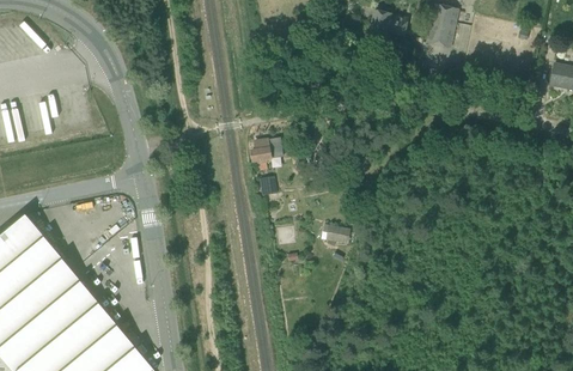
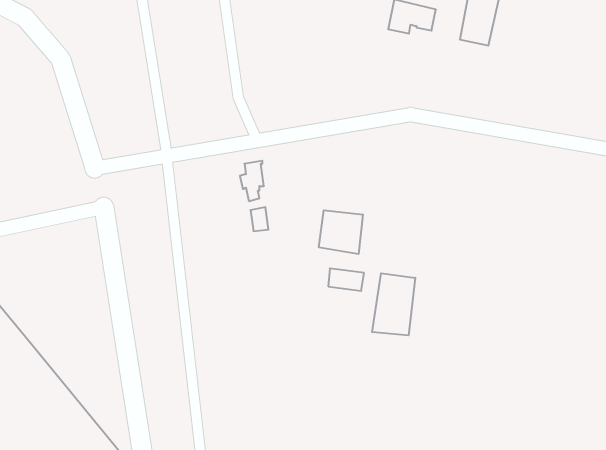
building: none -> [319,210,363,254]
building: none -> [372,273,415,335]

